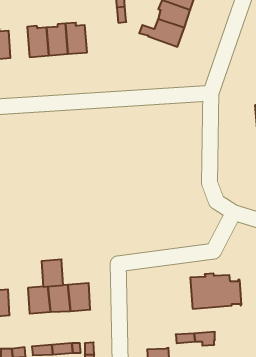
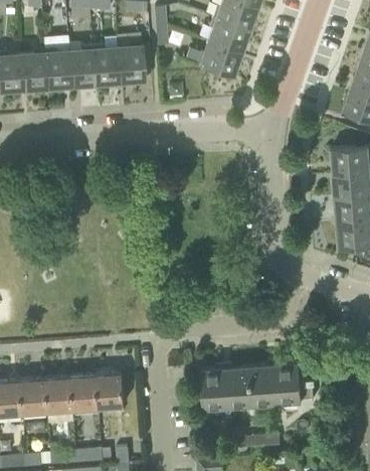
building: none -> [117,43,144,83]
building: none -> [21,50,47,90]
building: [42,259,63,287] -> [20,378,47,413]
building: none -> [200,364,252,409]

